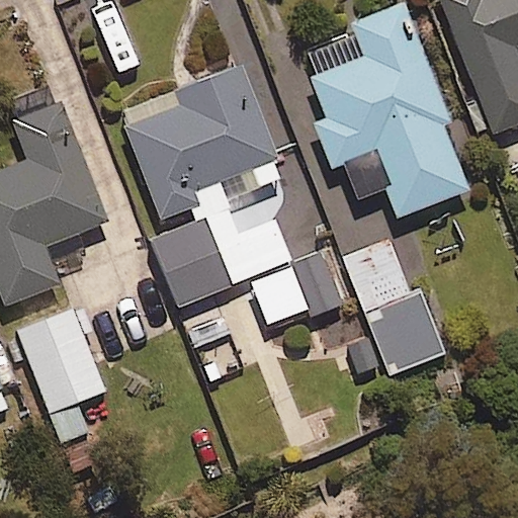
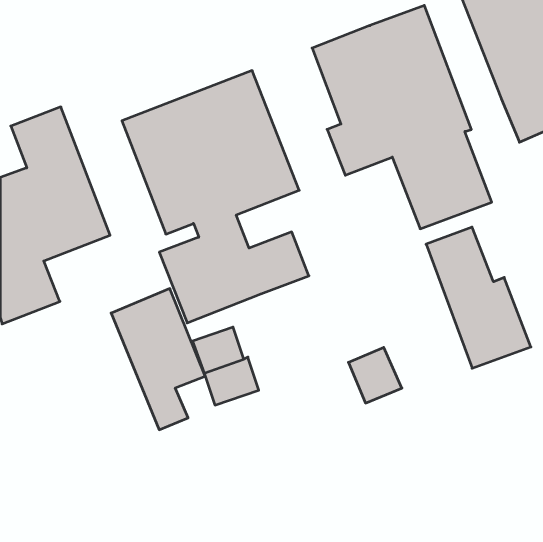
building: [346,241,445,374] -> [426,227,531,368]
building: [250,251,345,325] -> none
building: [16,309,105,442] -> [111,289,205,430]

